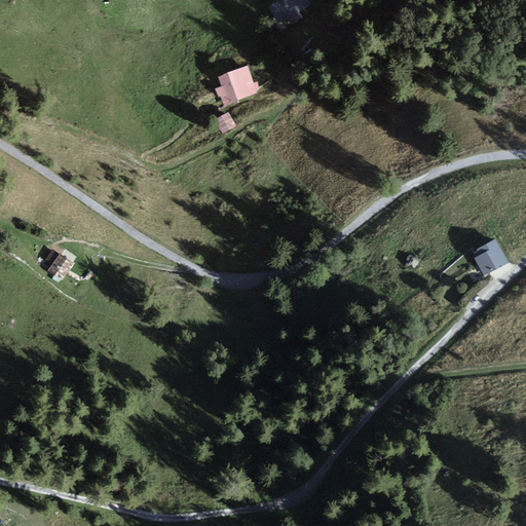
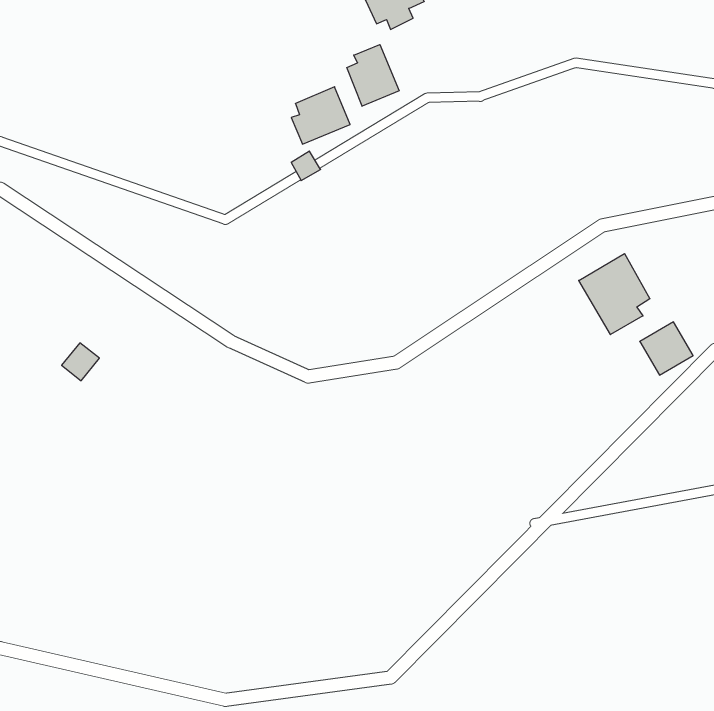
building: none -> [347,45,399,106]
building: none -> [579,254,650,335]

